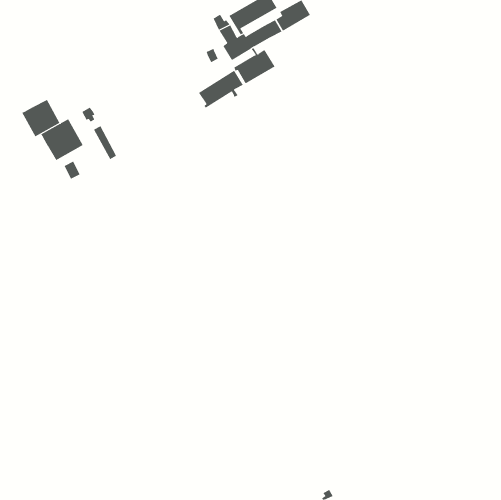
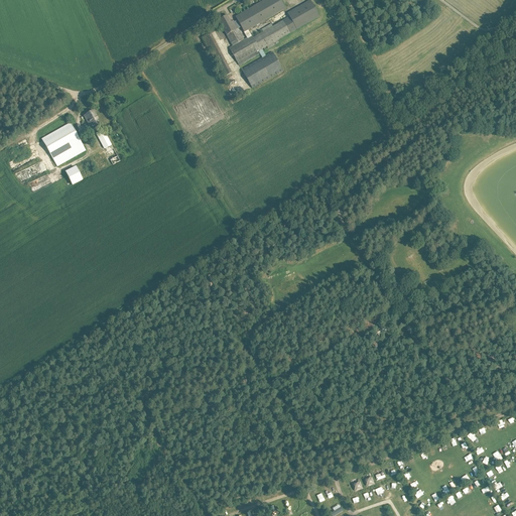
building: [198,70,244,108] -> none
building: [22,99,60,137] -> none

